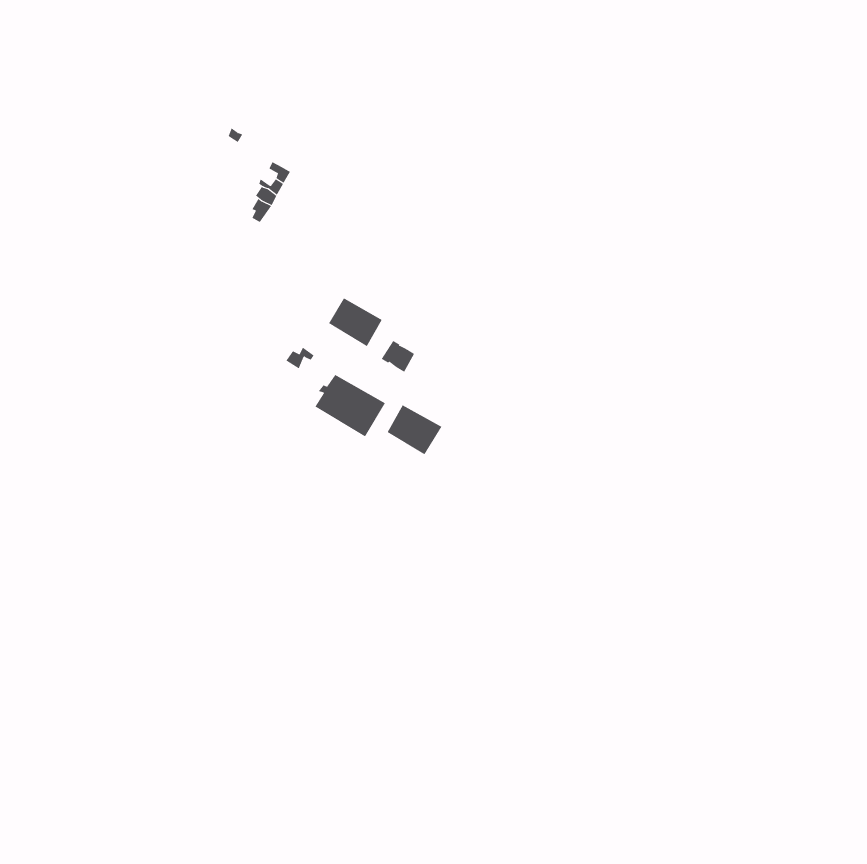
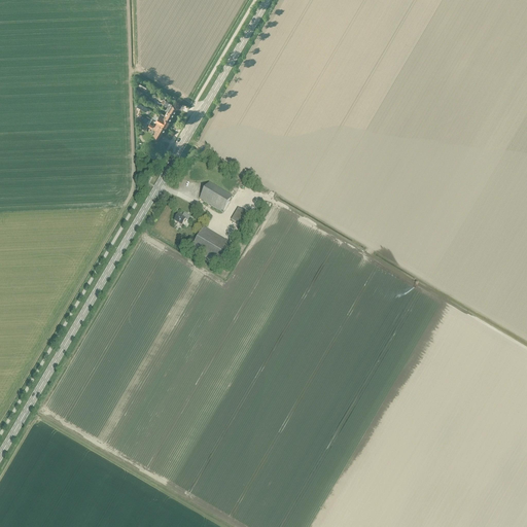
building: [387,405,442,455] -> none

